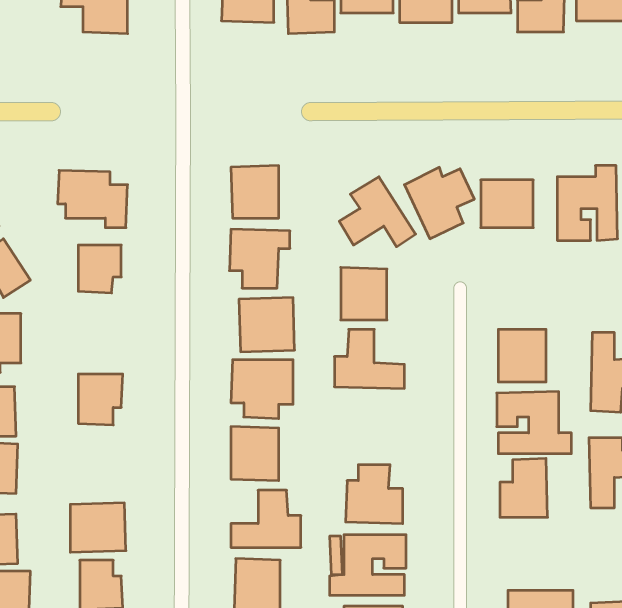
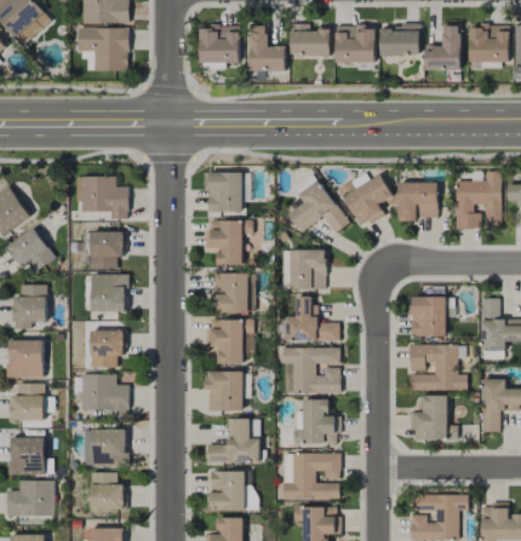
building: none -> [92,275,127,312]
building: none -> [284,347,340,393]
building: none -> [81,375,128,416]

